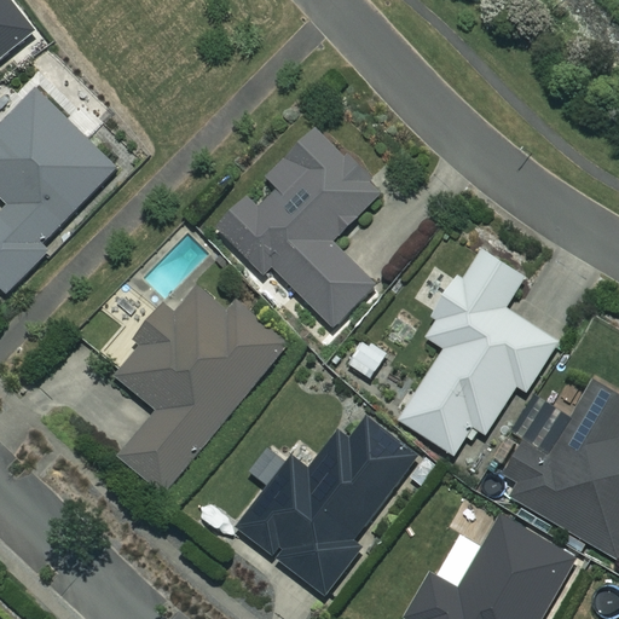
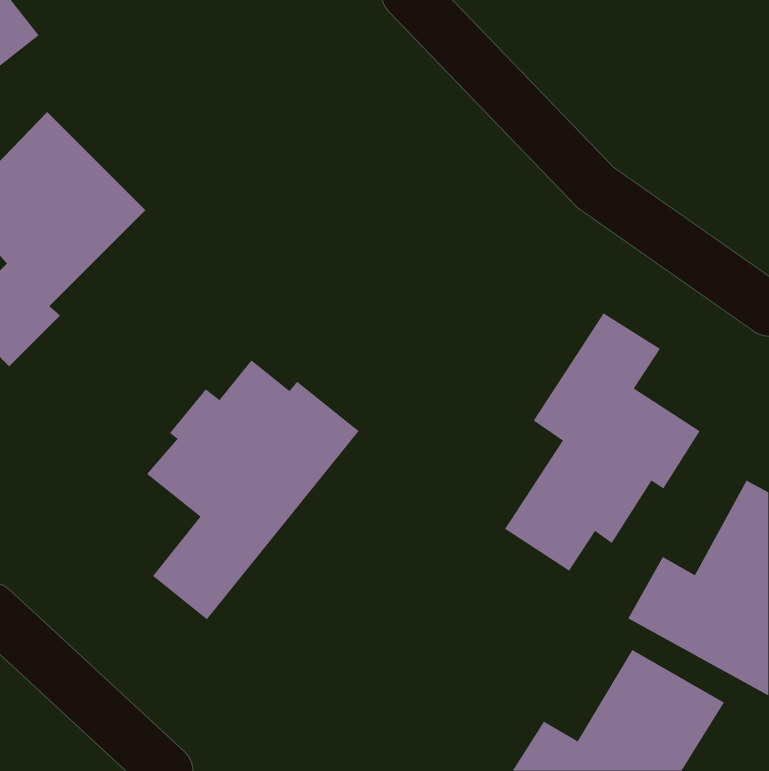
building: [219,127,382,323] -> none
building: [237,417,418,595] -> none

